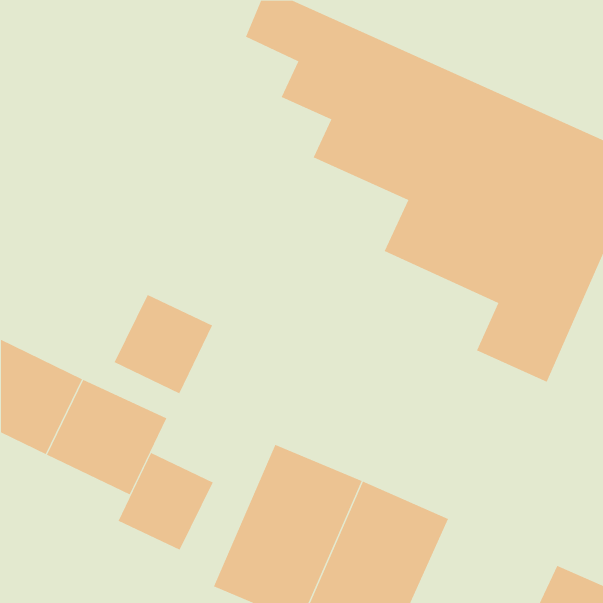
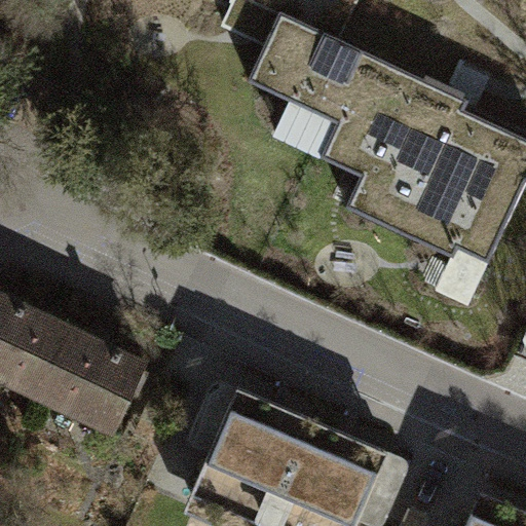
building: [114,294,213,394] -> none
building: [118,452,213,550] -> none

